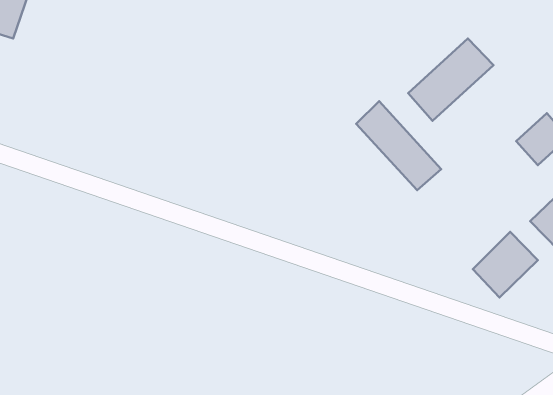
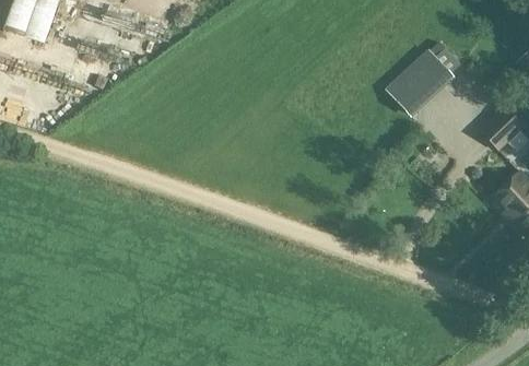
building: [356,101,441,190] -> none
building: [473,232,538,297] -> none

